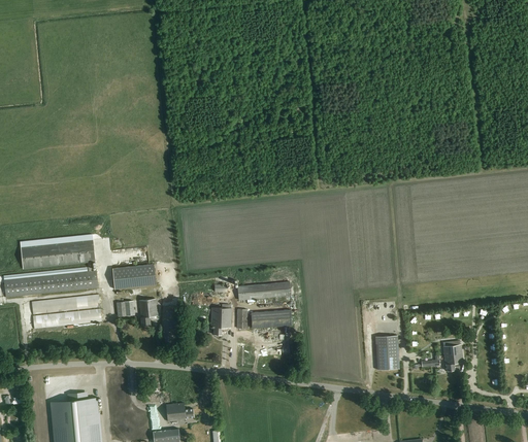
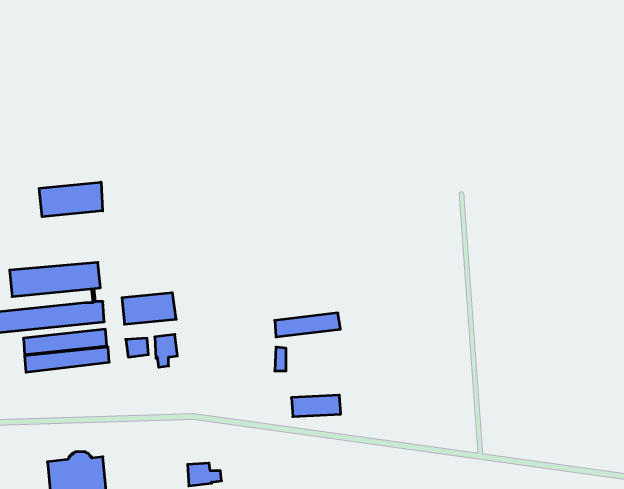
building: none -> [39,182,103,217]
building: [211,307,231,334] -> none
building: [252,310,292,328] -> [291,395,341,417]
building: [375,335,399,370] -> none
building: [443,344,463,372] -> none

